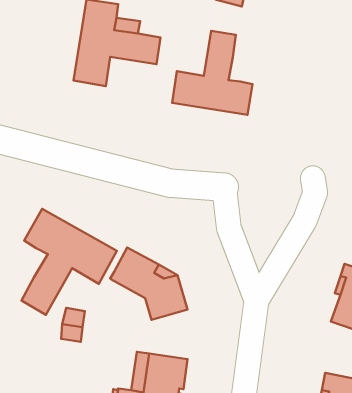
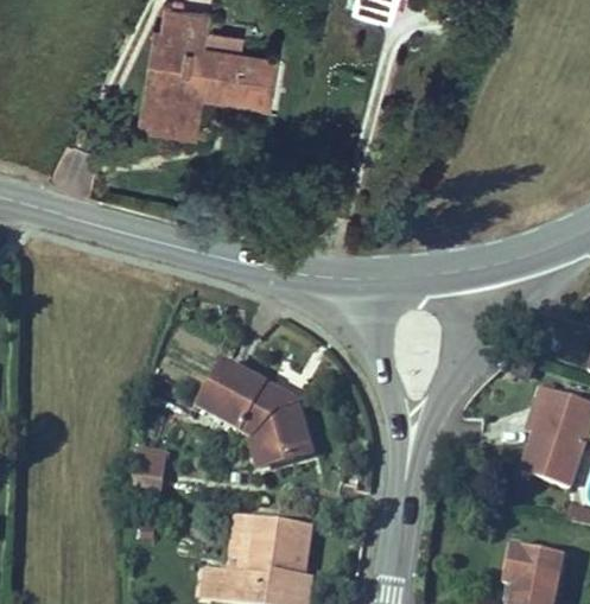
building: [172,31,253,115] -> none
building: [21,209,117,315] -> none

